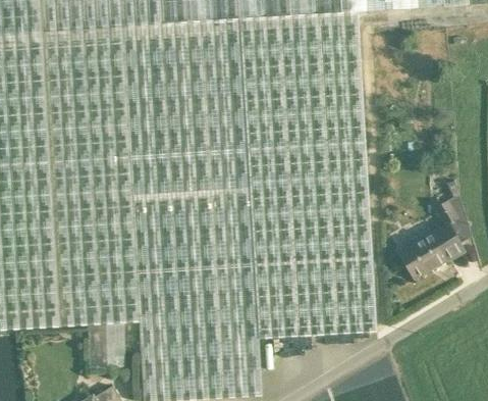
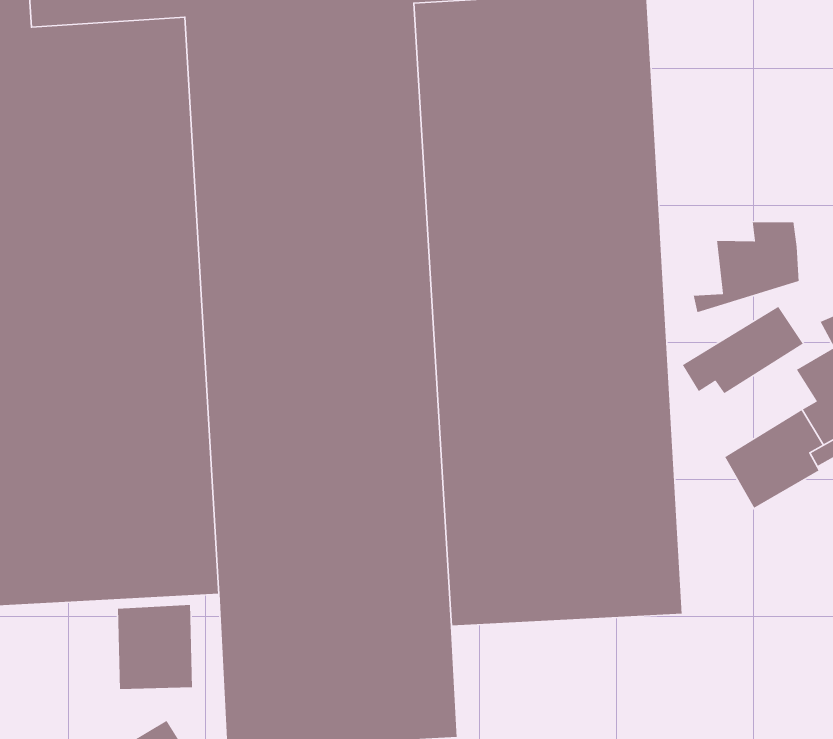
building: none -> [693,221,800,313]
building: none -> [682,306,804,394]

